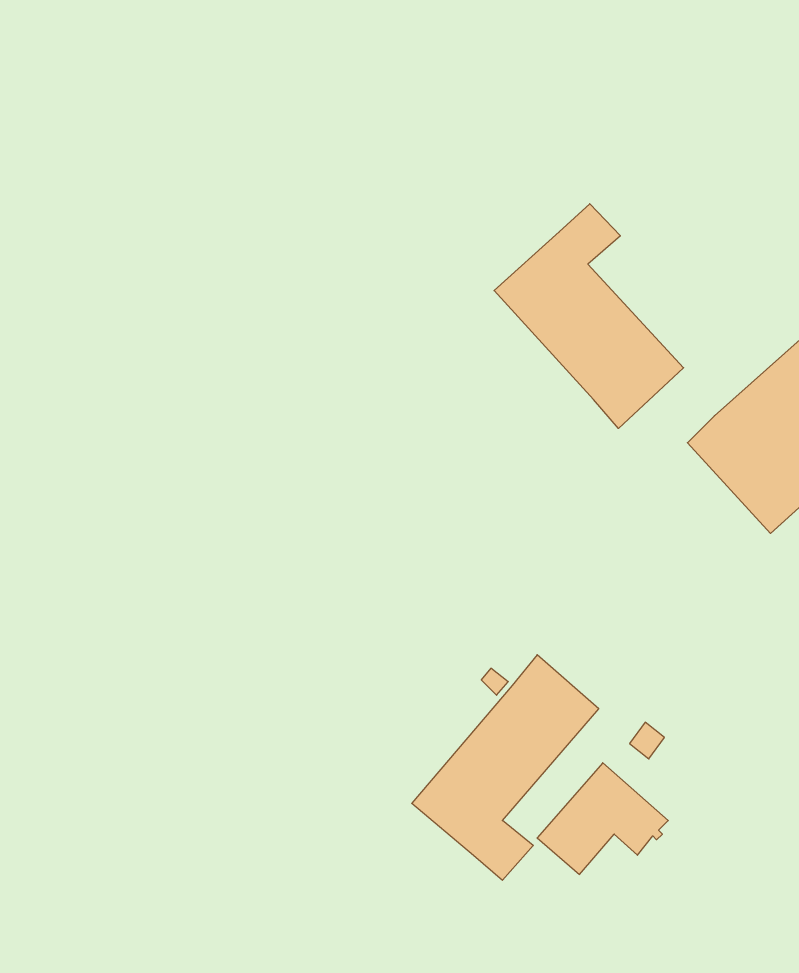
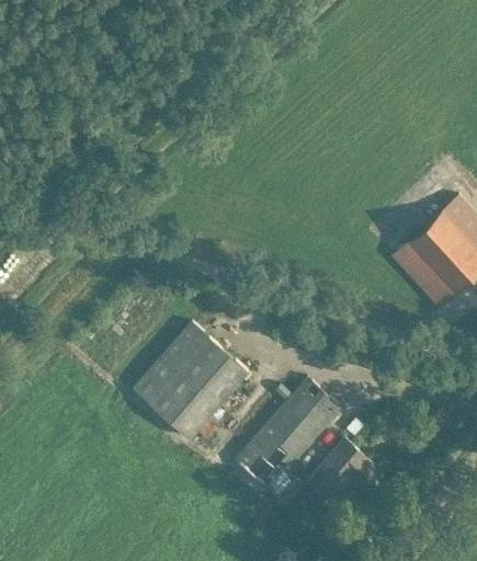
building: [494,204,684,428] -> none
building: none -> [134,322,248,437]

